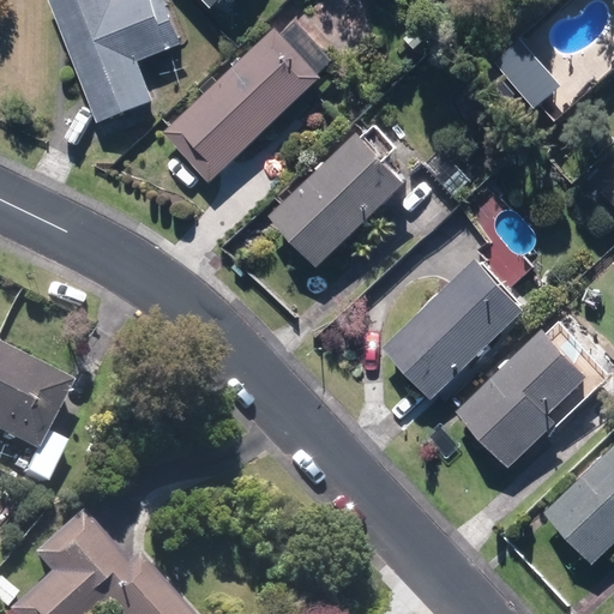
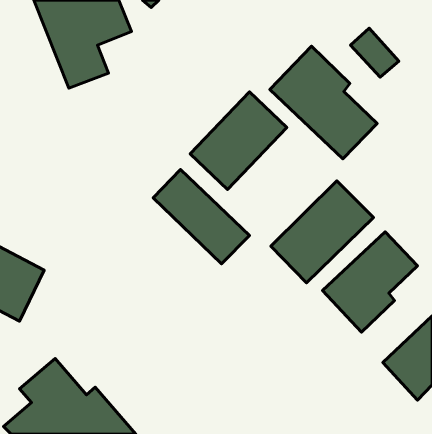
building: [164,28,321,183] -> none
building: none -> [270,46,377,159]
building: none -> [153,169,249,264]

